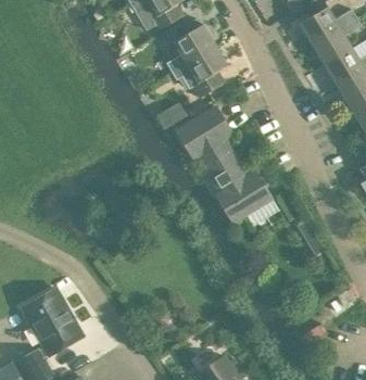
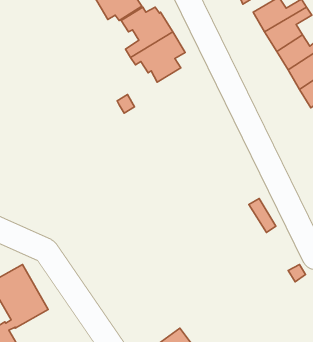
building: [177,105,272,223] -> none

